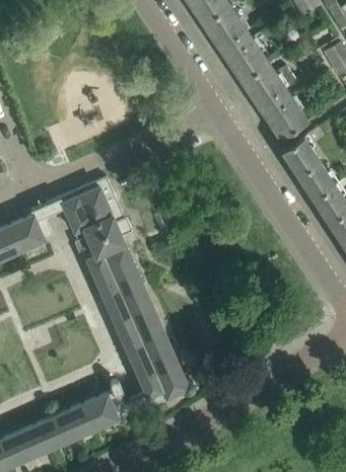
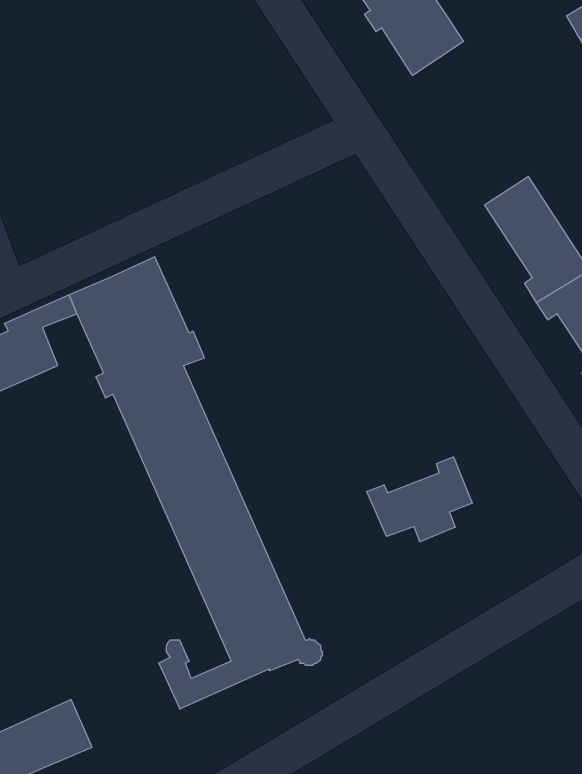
building: [241,65,307,141] -> none
building: none -> [367,457,472,542]
building: [60,394,118,440] -> none

